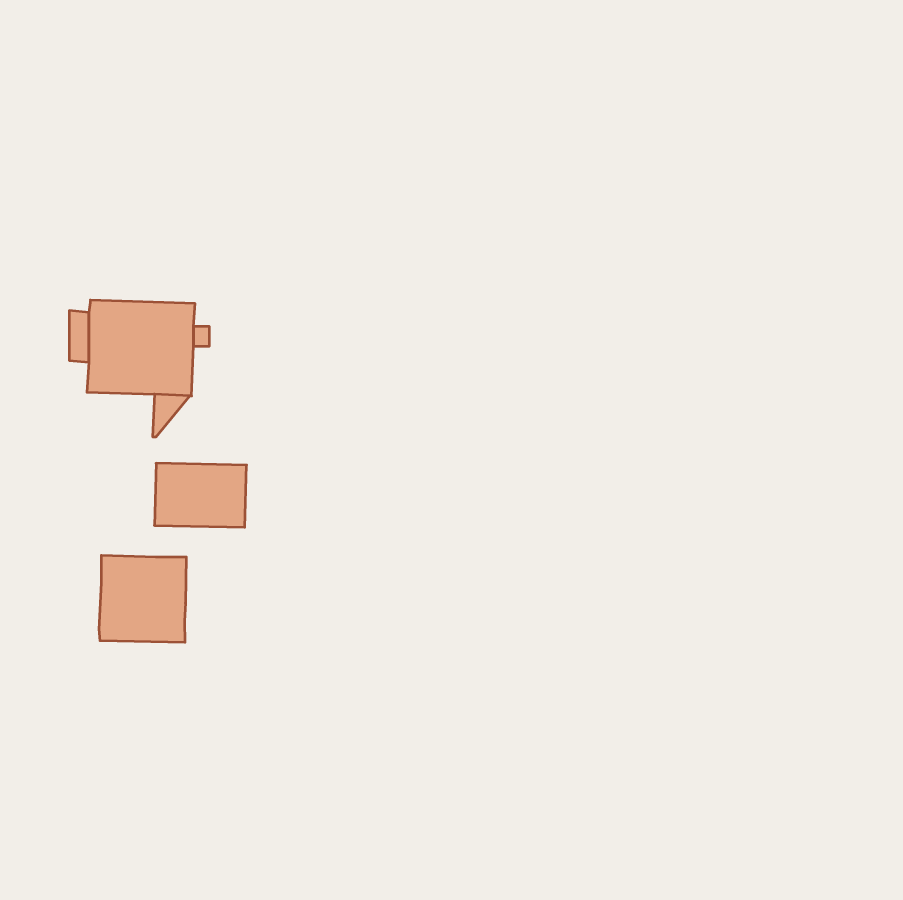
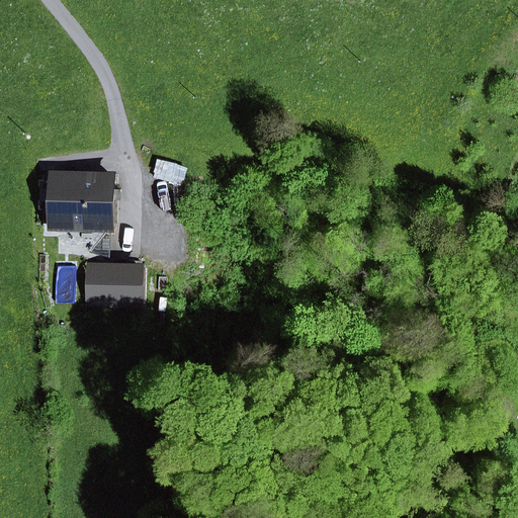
building: [99,555,186,642] -> none

